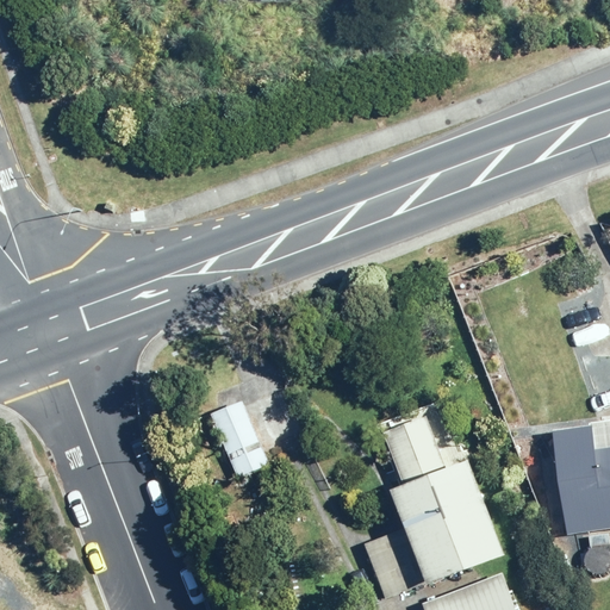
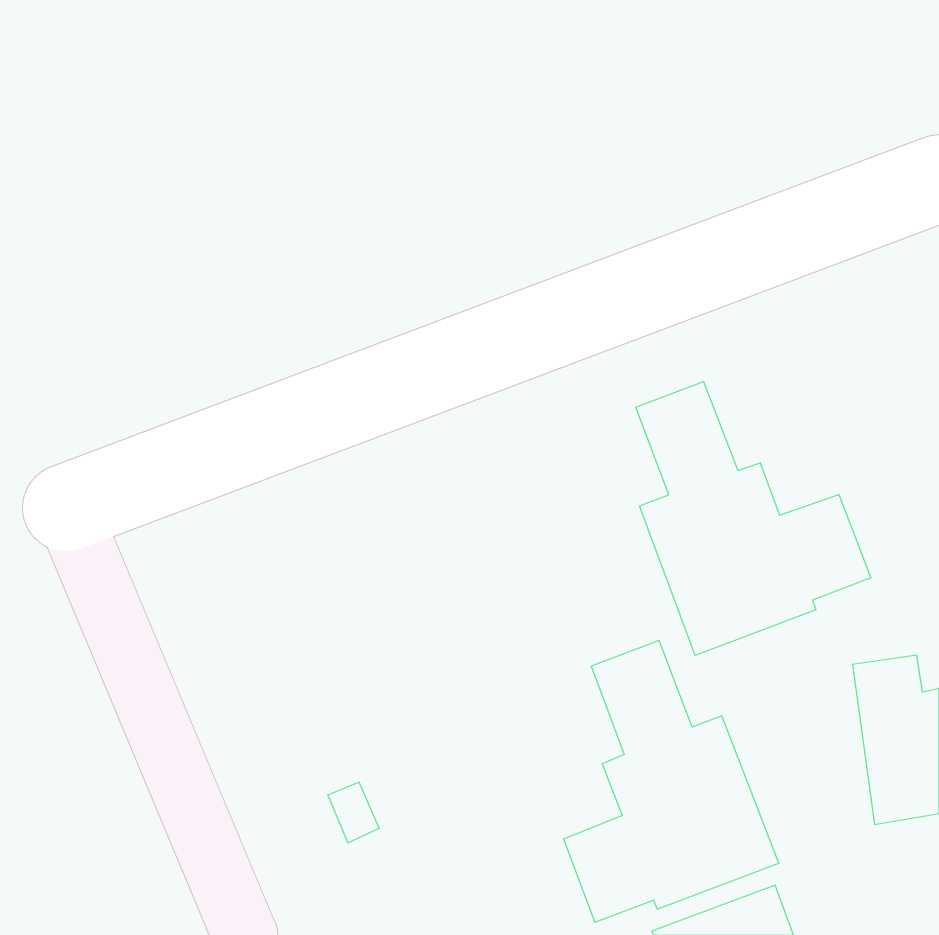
building: none -> [636,381,871,655]
building: [211,399,268,477] -> none

